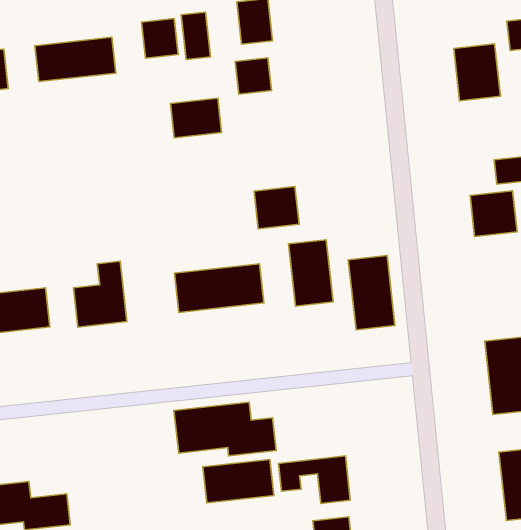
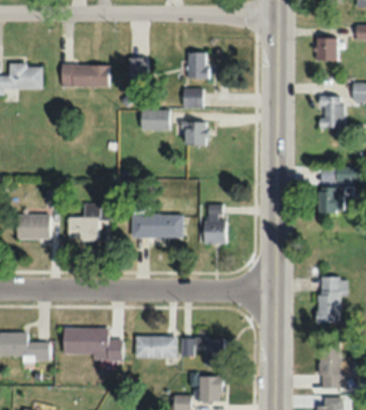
building: [181,12,210,59] -> none
building: [254,187,299,229] -> [182,122,208,145]
building: [348,255,395,330] -> none
building: [174,402,276,456] -> [63,328,123,359]

